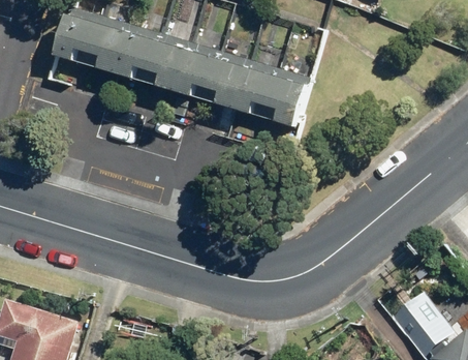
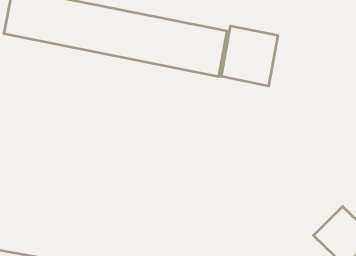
building: none -> [221,26,278,86]

